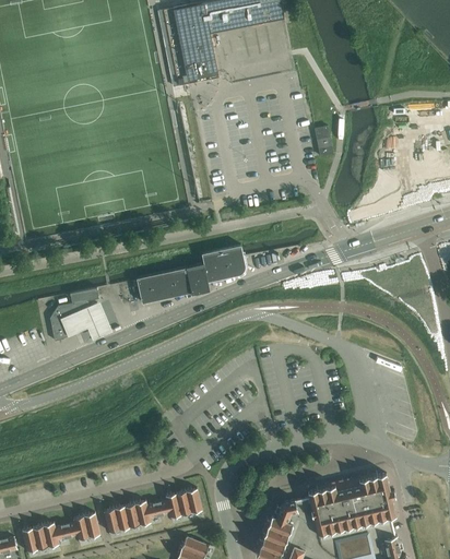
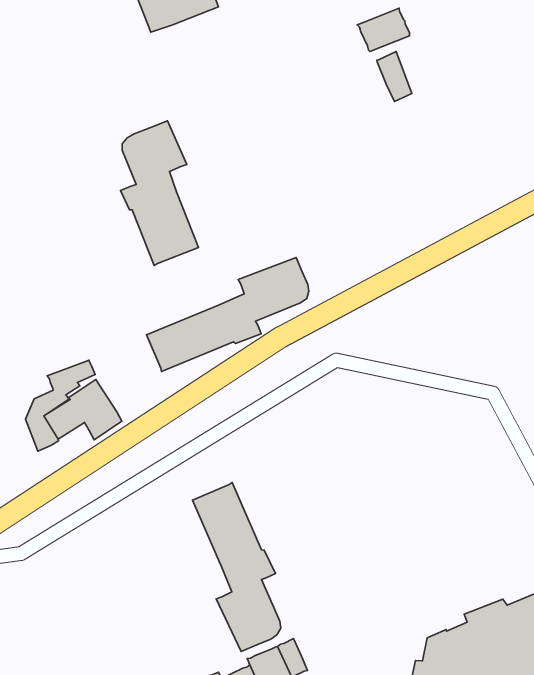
building: none -> [357,8,410,51]
building: none -> [121,121,199,266]
building: none -> [193,483,281,652]

